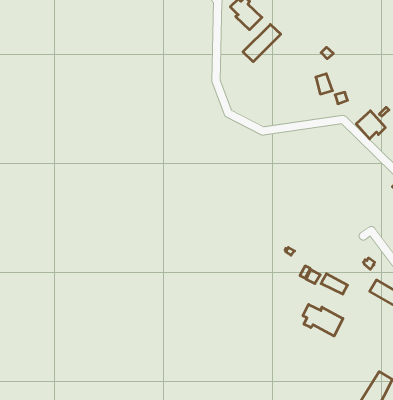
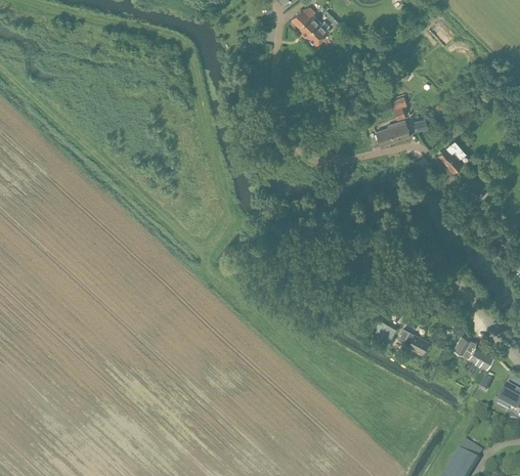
building: [243,24,281,62] -> none
building: none -> [375,120,408,145]
building: [303,304,343,336] -> none

